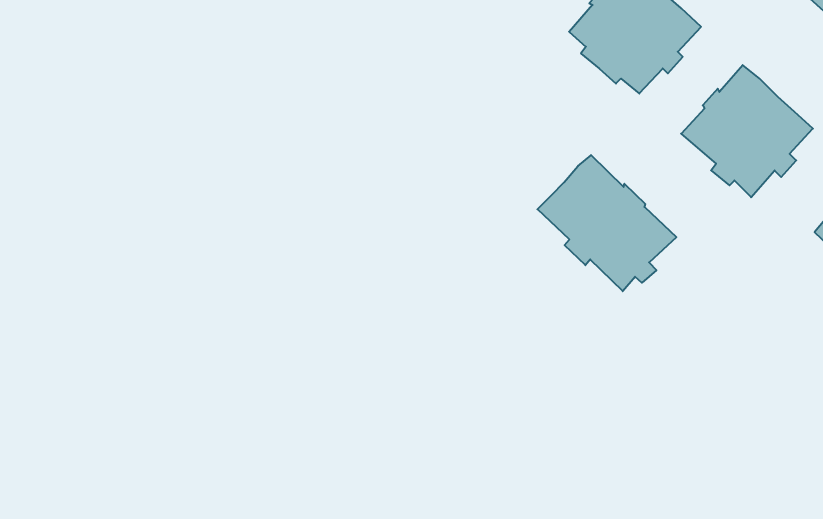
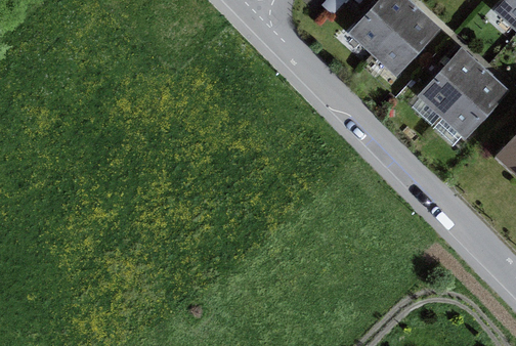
building: [537,155,676,291] -> none

